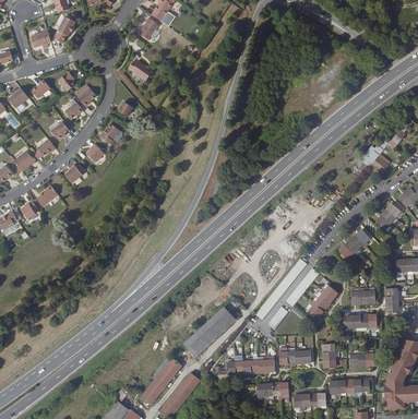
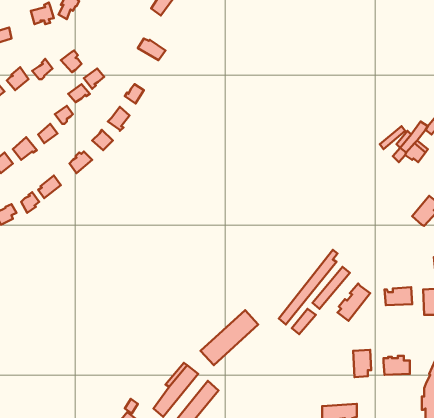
building: [338,229,370,260] -> none
building: [344,314,377,332] -> none
building: [278,346,311,364] -> none
building: [226,356,274,374] -> none
building: [329,379,369,396] -> none
building: [256,383,288,399] -> none

